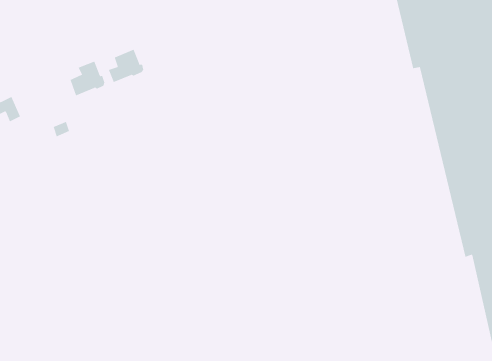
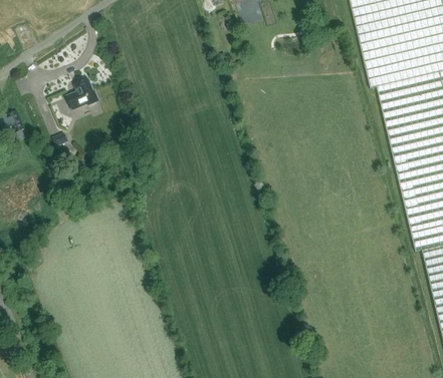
building: [108,49,144,83] -> none

